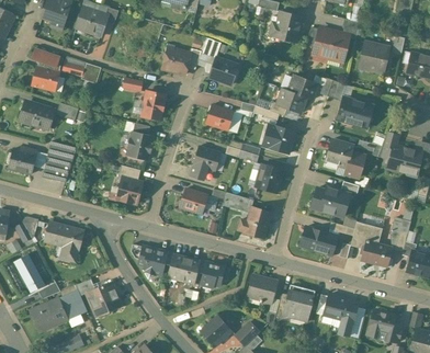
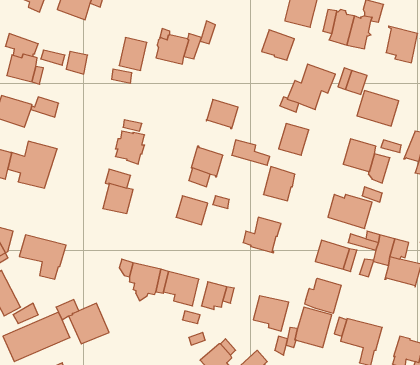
building: [208,58,237,84] -> [262,30,294,60]
building: [140,91,165,119] -> [119,38,147,70]
building: none -> [305,278,341,313]

